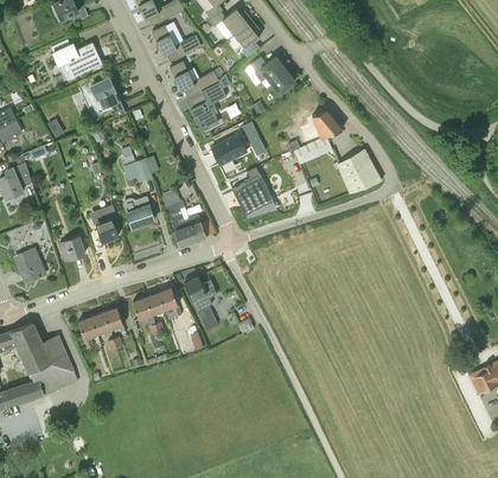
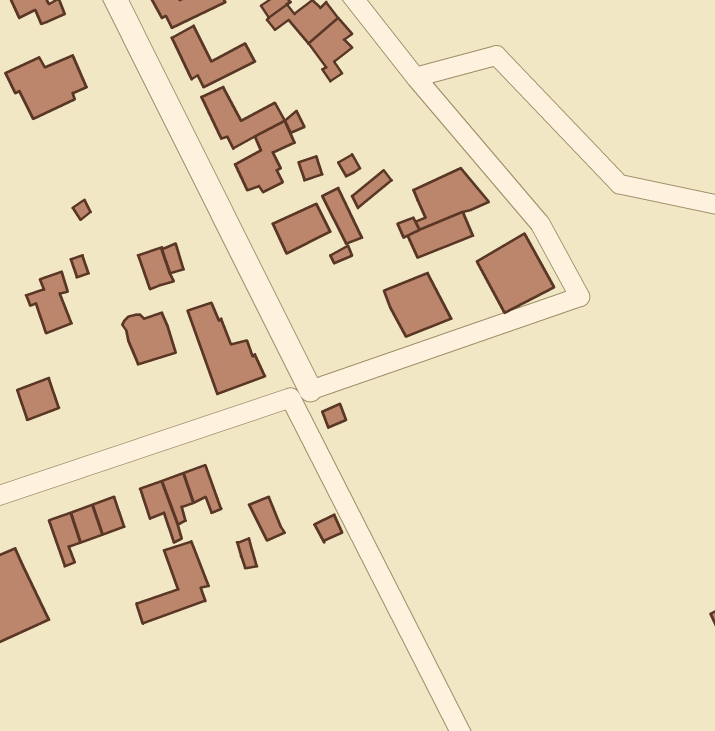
building: [243,57,295,94] -> none
building: [78,78,121,120] -> none
building: [235,178,275,216] -> [384,273,451,336]
building: [91,205,119,242] -> [26,272,72,333]
building: [184,276,216,312] -> none
building: none -> [137,541,209,624]

